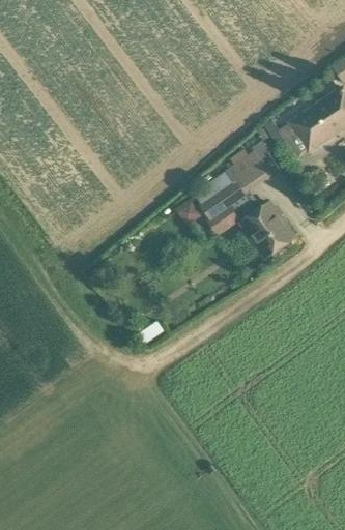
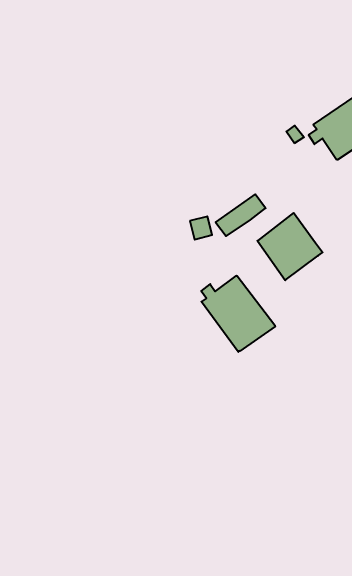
building: none -> [201,276,275,352]

